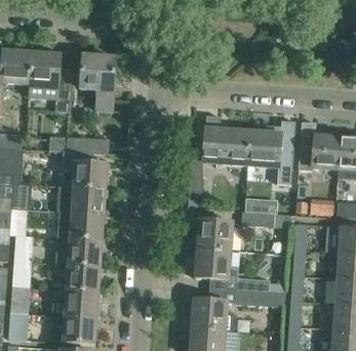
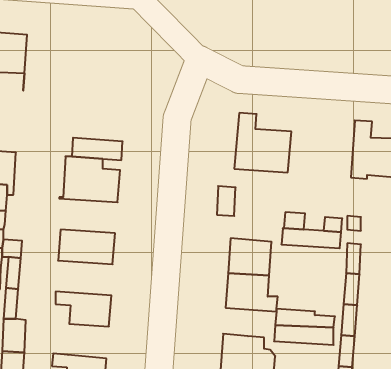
building: [28,50,72,112] -> none
building: [80,54,115,110] -> none
building: [246,120,295,184] -> none
building: [56,186,106,215] -> none
building: [54,237,102,266] -> none
building: [52,288,98,318] -> none

